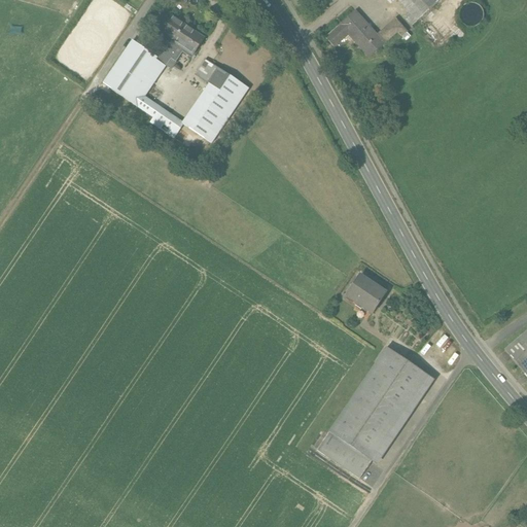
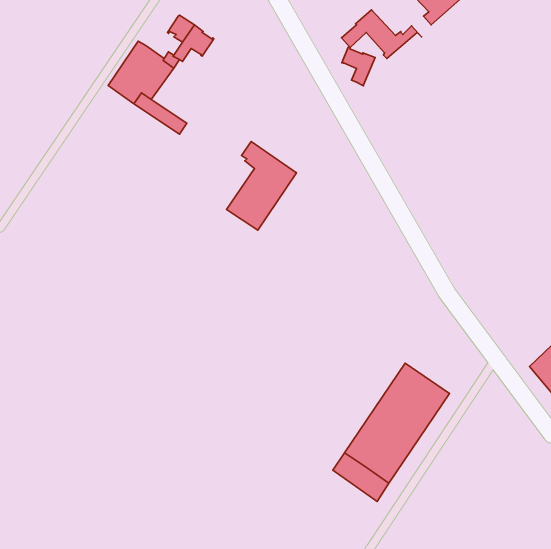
building: none -> [342,47,375,86]
building: [182,58,249,142] -> [226,141,297,230]
building: [347,274,386,312] -> none

